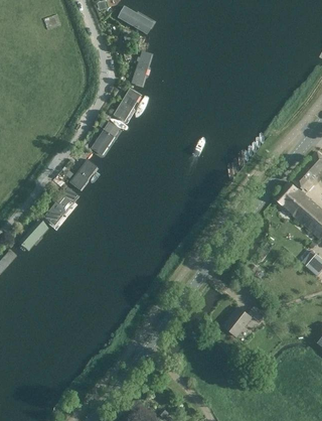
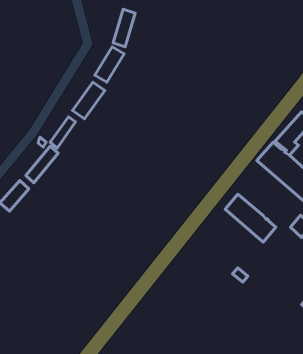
building: none -> [225,194,276,242]
building: [223,307,252,336] -> none

